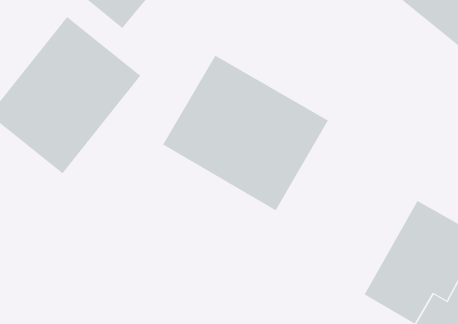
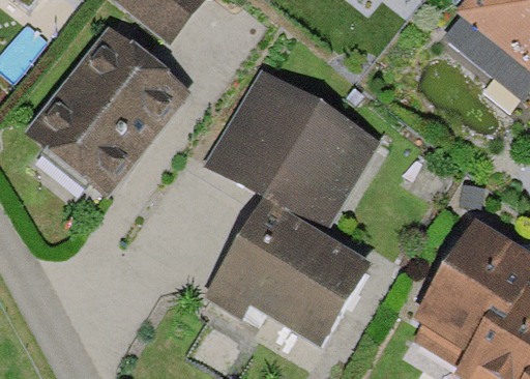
building: none -> [205,200,367,345]

